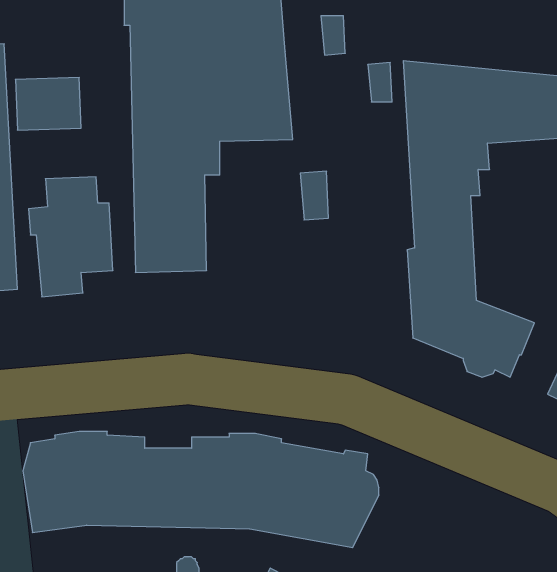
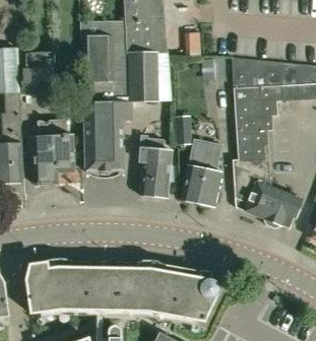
building: none -> [137,134,171,195]
building: none -> [179,148,220,206]

